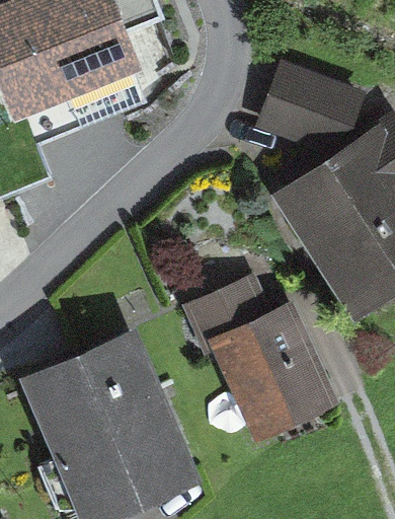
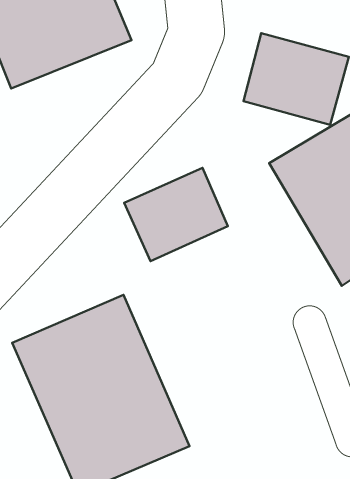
building: none -> [124,168,228,261]
building: [198,265,344,442] -> none

